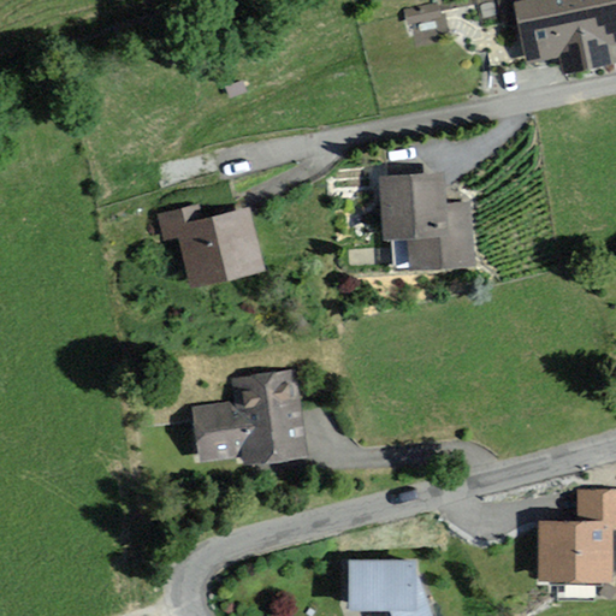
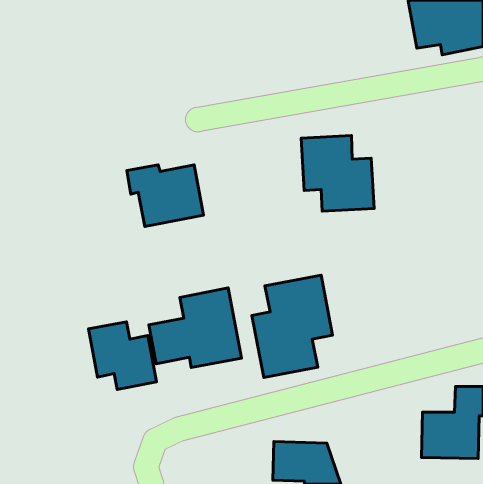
building: none -> [252,275,332,378]
building: none -> [88,322,156,389]

